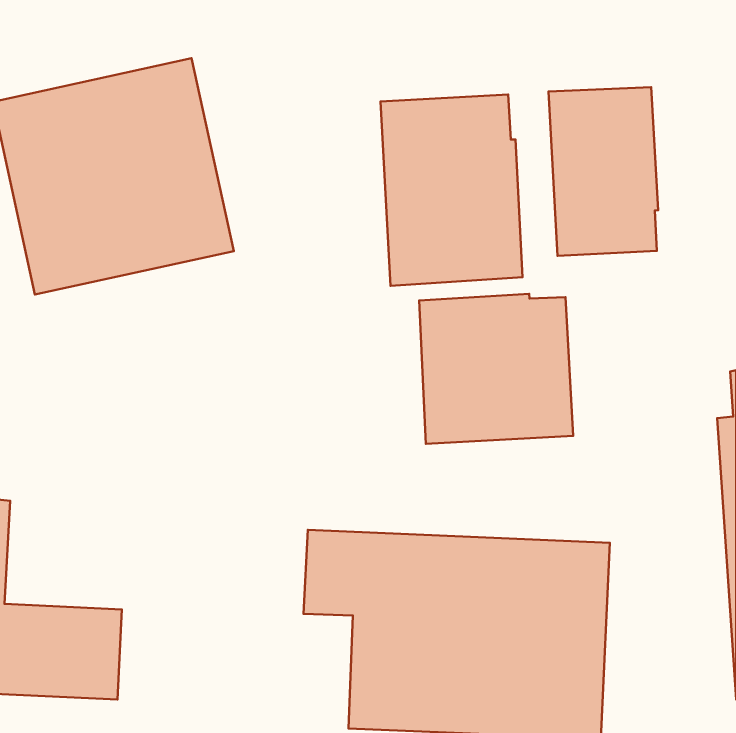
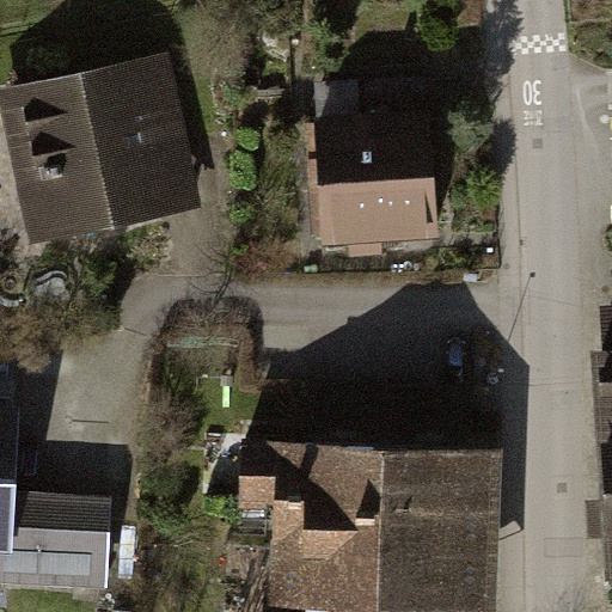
building: [548,87,658,256] -> none
building: [419,294,573,444] -> none

